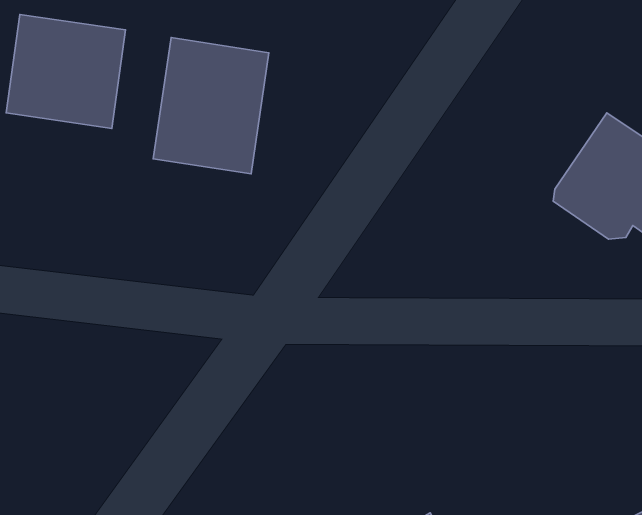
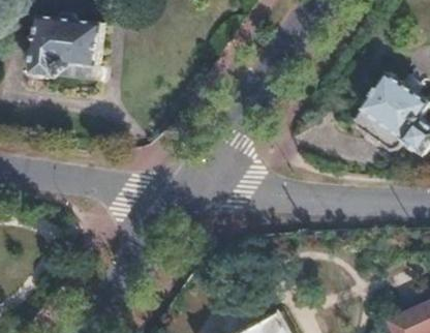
building: [153,37,269,174] -> none

